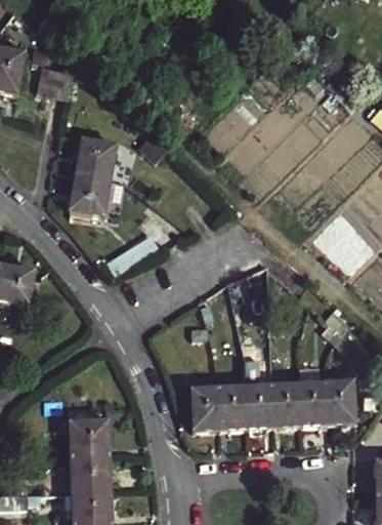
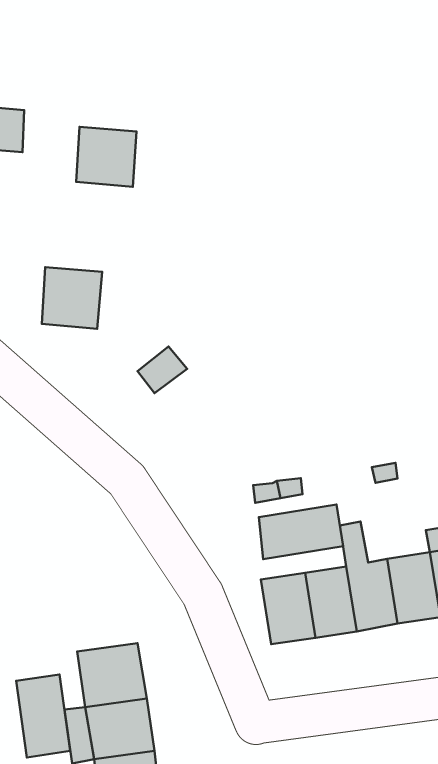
building: [75,138,117,180] -> [76,127,136,187]
building: none -> [259,505,343,559]
building: none -> [16,674,70,757]

